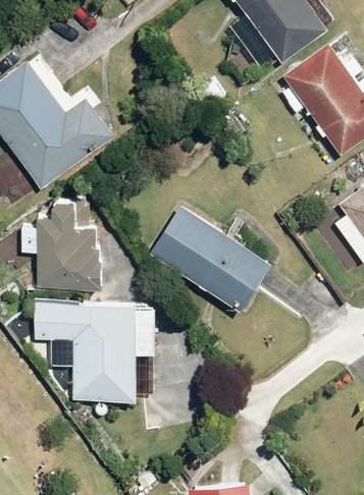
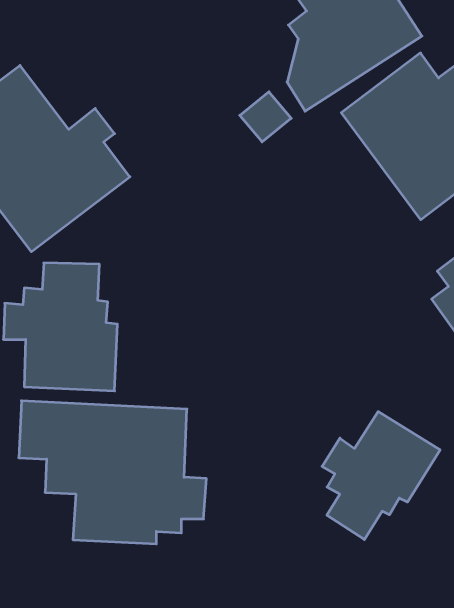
building: [148,207,269,312] -> none
building: none -> [322,412,440,540]

